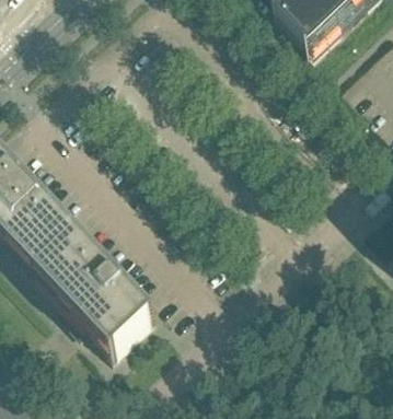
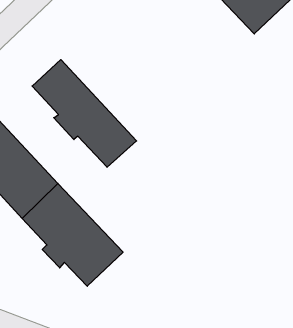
building: none -> [32,60,137,167]

